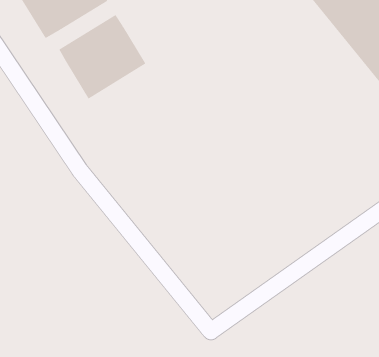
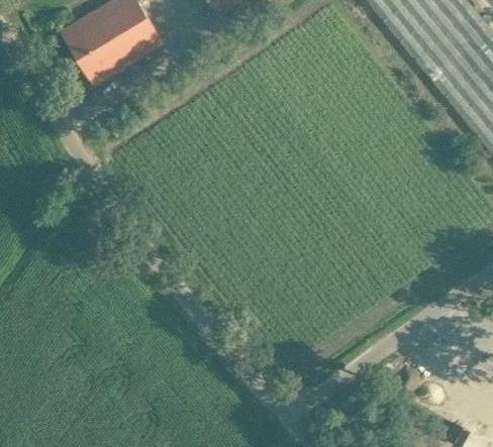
building: [58,14,146,99] -> none

